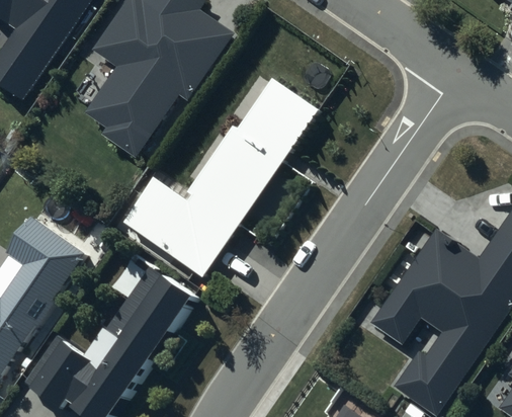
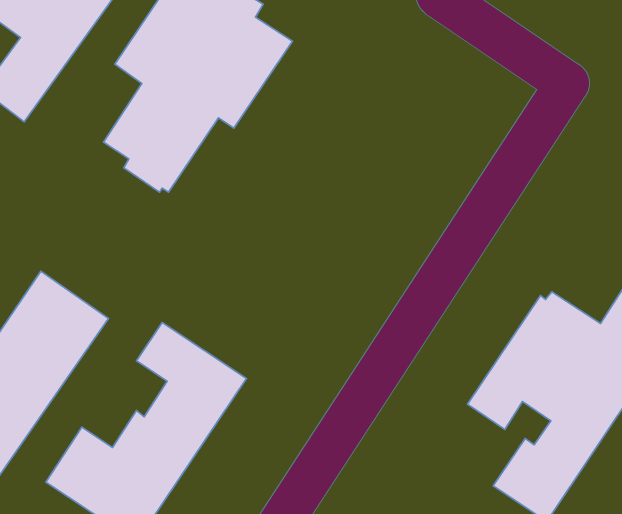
building: [123,79,318,276] -> none

